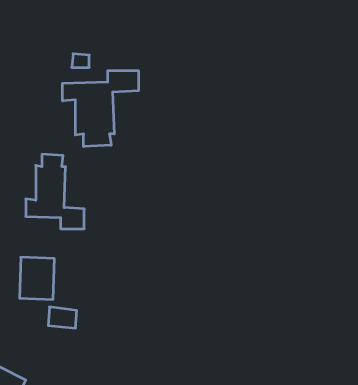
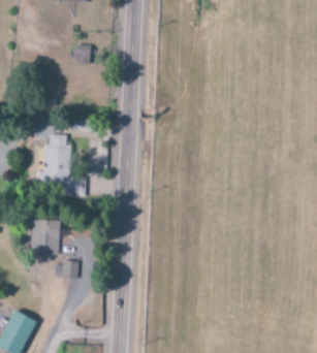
building: [63,71,138,147] -> none

